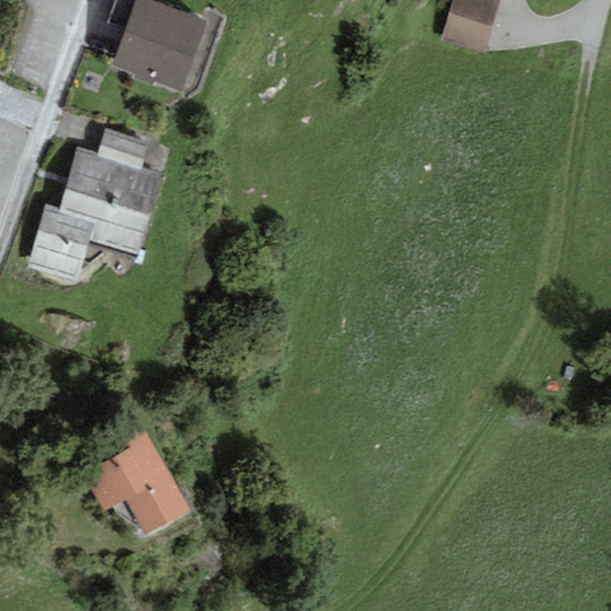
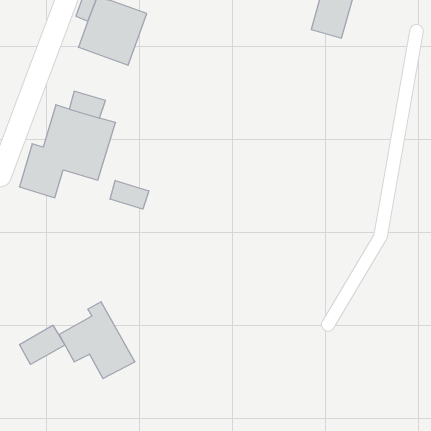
building: none -> [110,180,149,209]
building: none -> [20,325,65,364]

